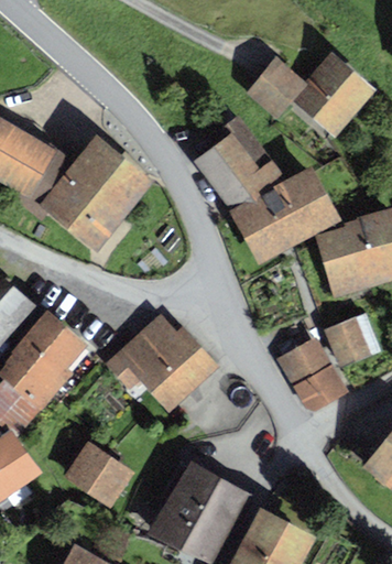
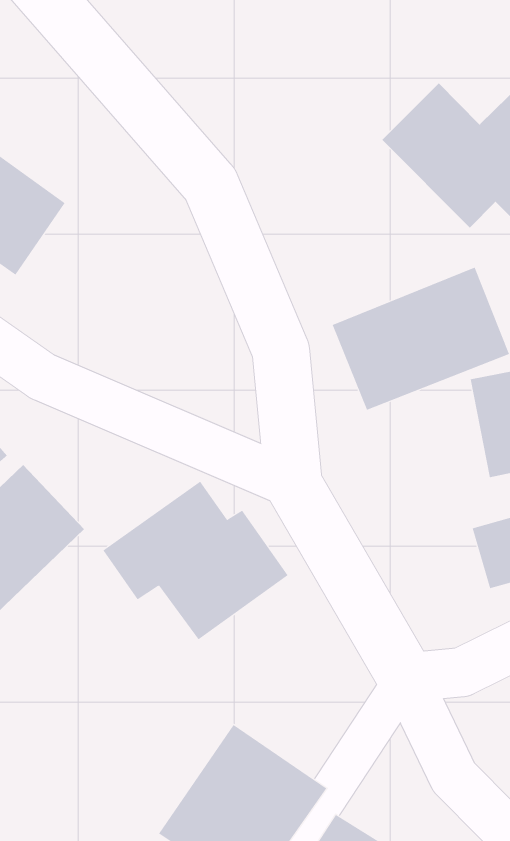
building: [197,124,280,206] -> none
building: [41,137,151,249] -> none
building: [279,338,346,412] -> none
building: [63,441,131,506] -> none

